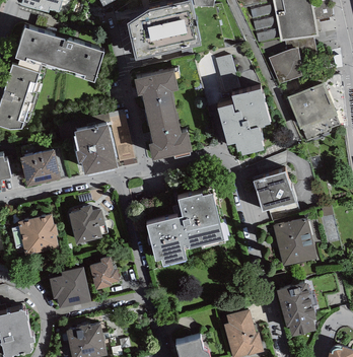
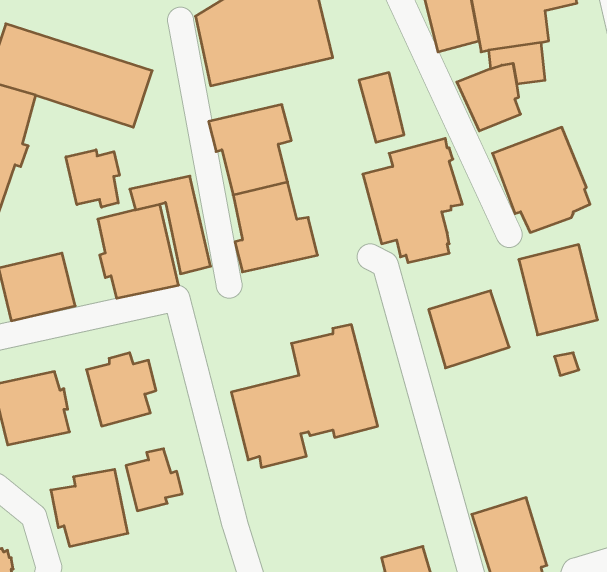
building: none -> [66,150,119,207]
building: [273,216,315,265] -> [519,245,598,335]

